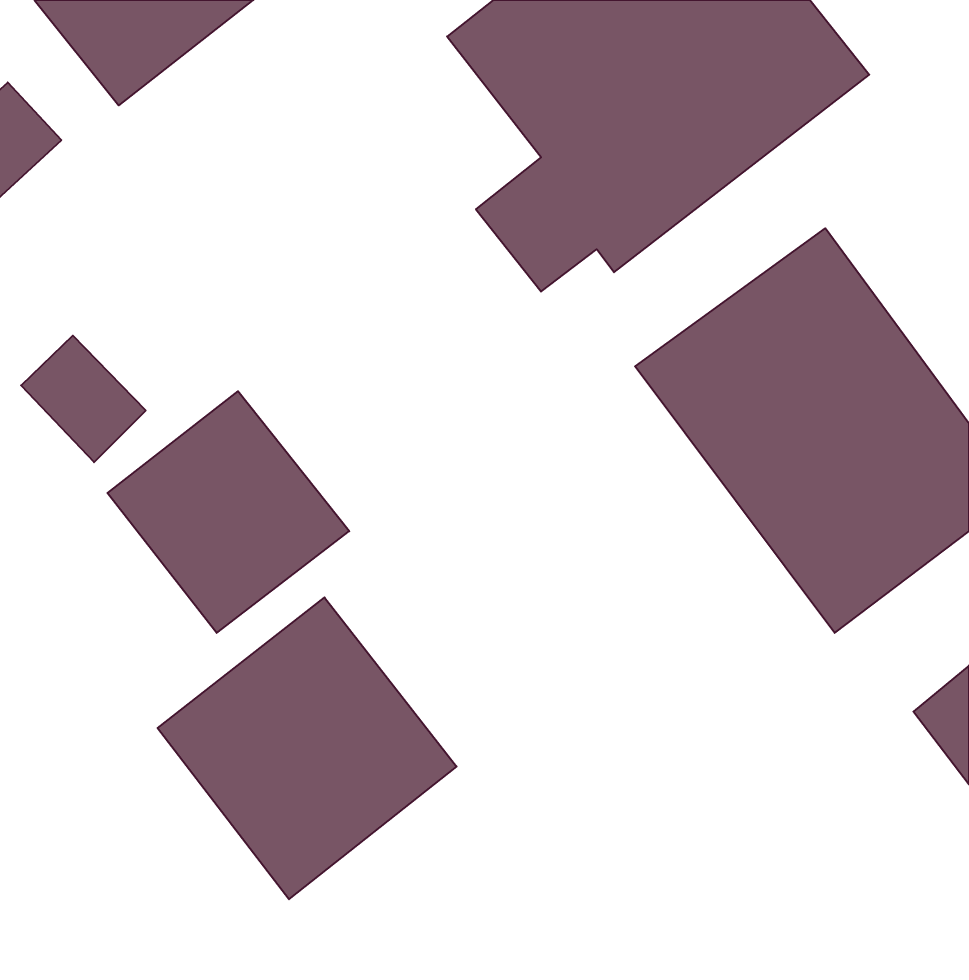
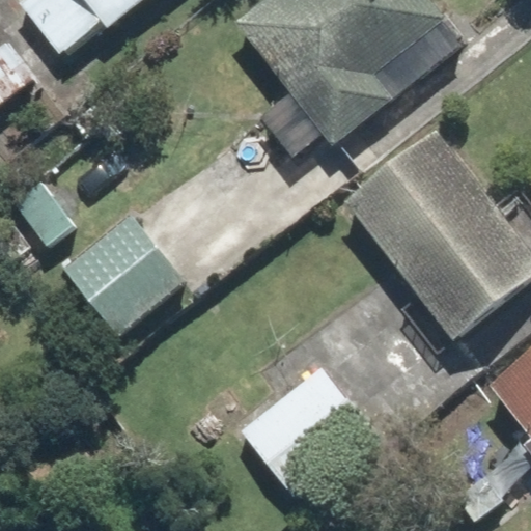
building: [158,597,457,899] -> none
building: none -> [240,364,379,500]

